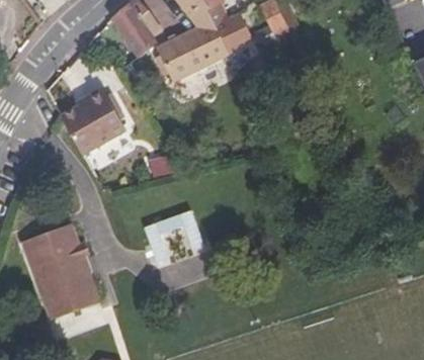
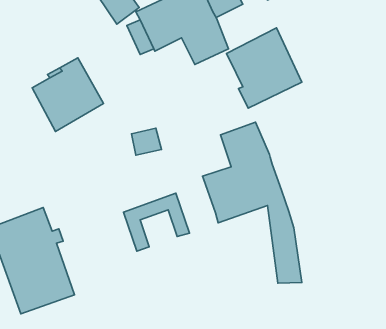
building: none -> [226,28,302,108]
building: none -> [203,122,302,283]

